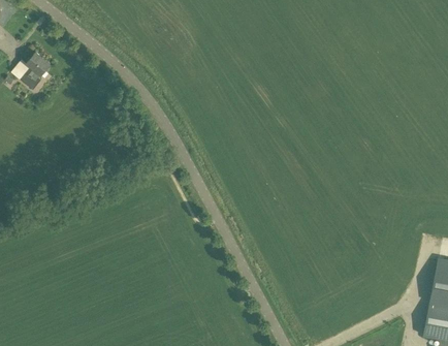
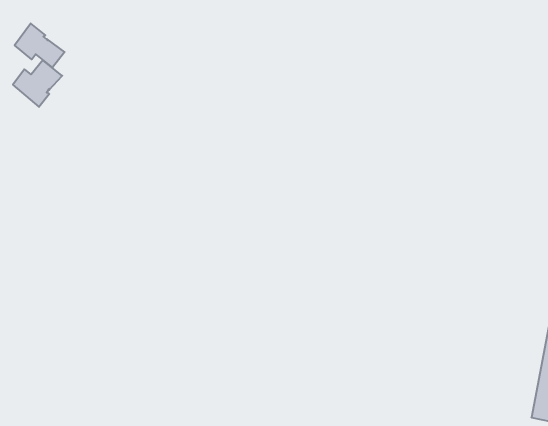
building: none -> [15,23,65,67]

